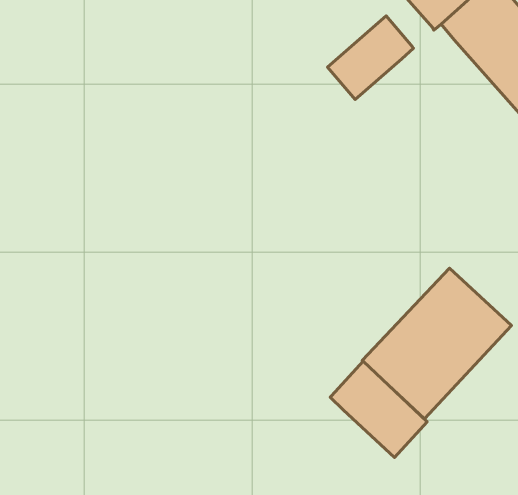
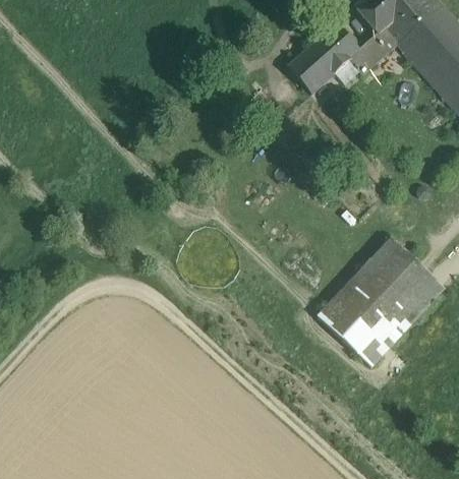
building: none -> [351,29,396,72]
building: [330,361,427,458] -> none

